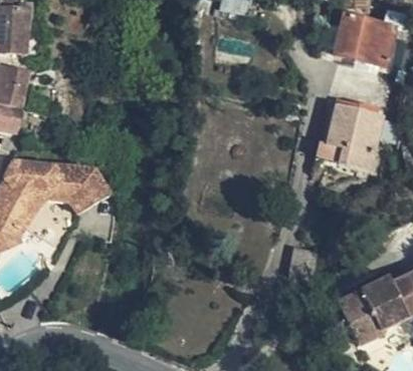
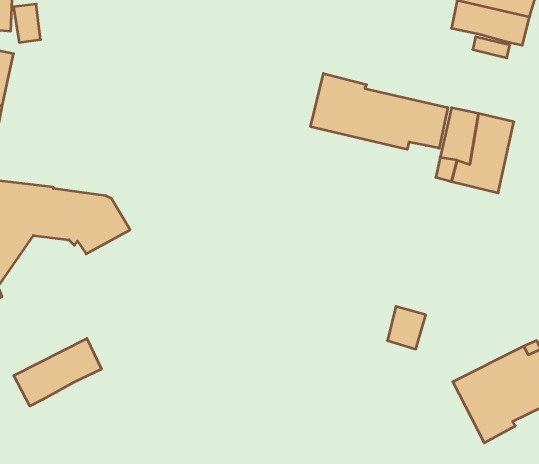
building: none -> [311,73,448,149]
building: none -> [14,338,101,406]

